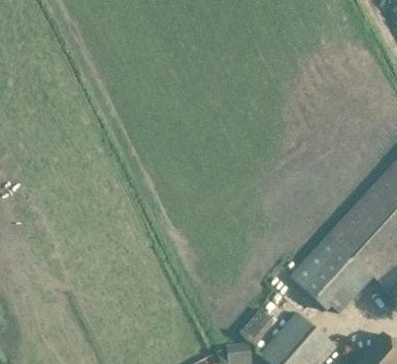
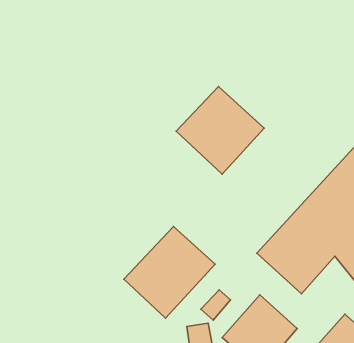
building: none -> [176,87,264,174]
building: none -> [124,226,215,318]

